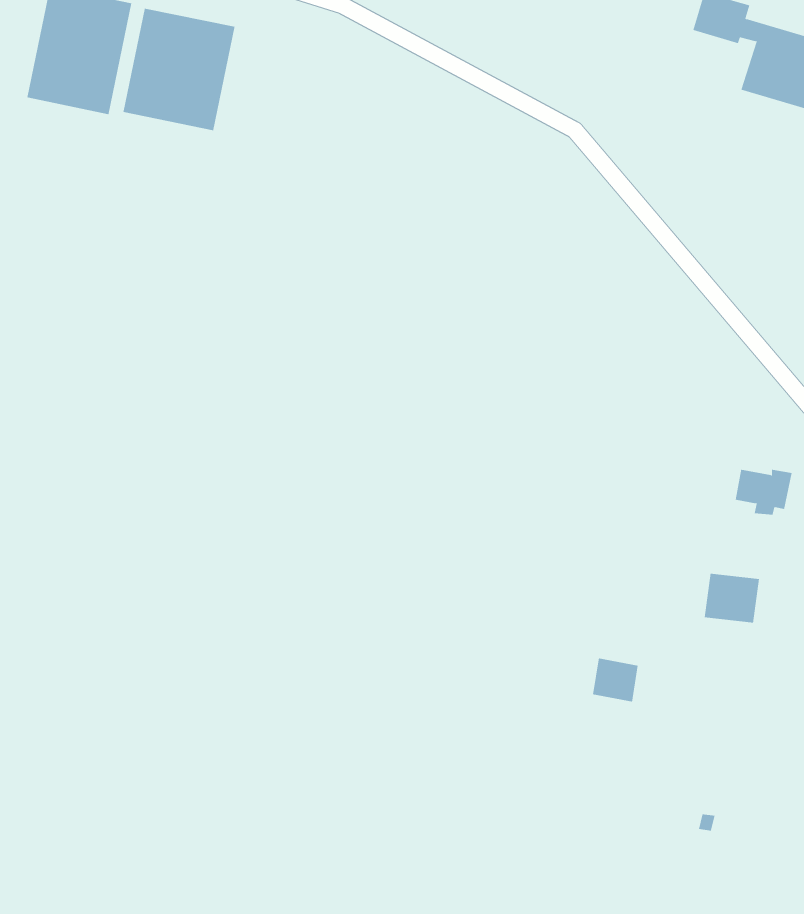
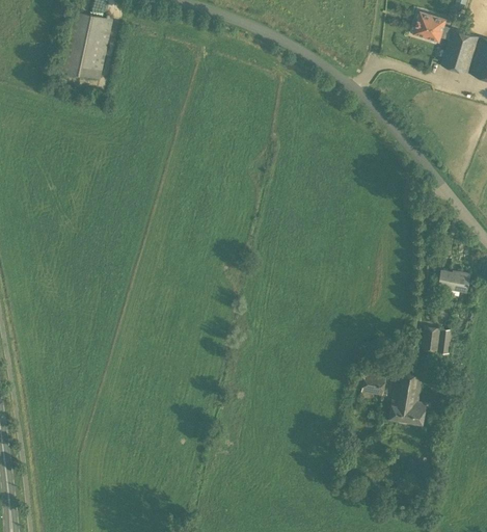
building: [123,8,235,131] -> none
building: none -> [390,371,428,424]

